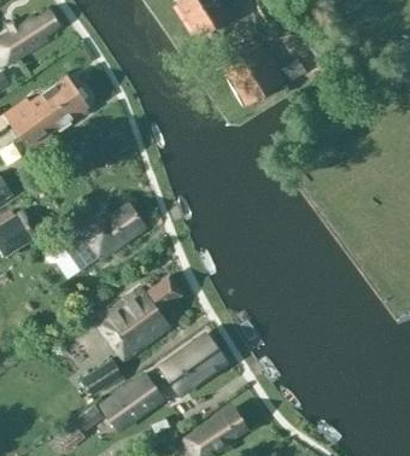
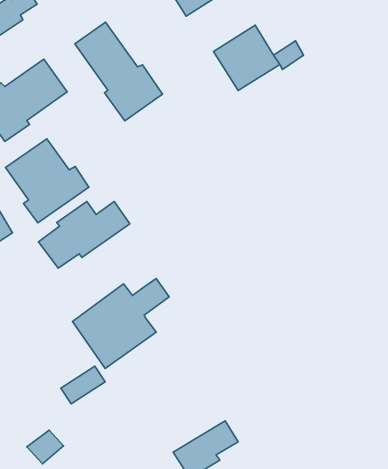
building: none -> [75,22,162,121]
building: none -> [6,139,89,223]
building: [101,334,224,425] -> none

